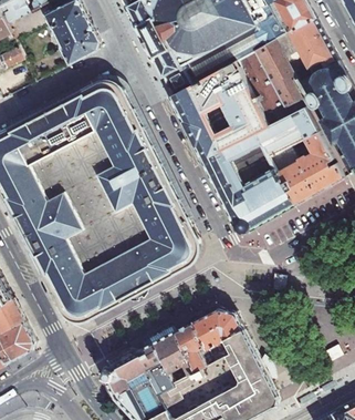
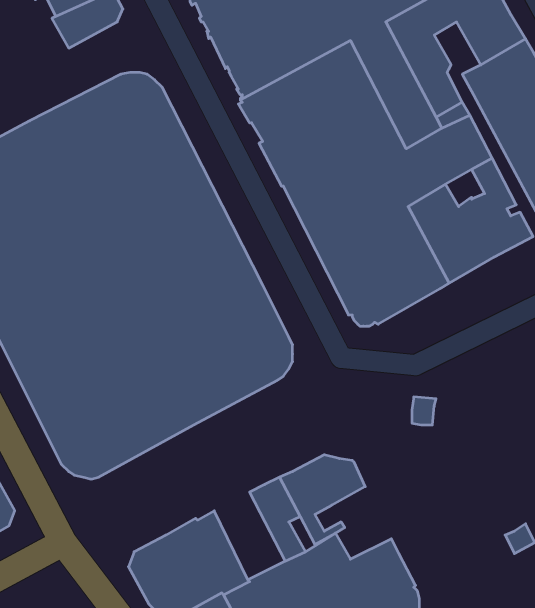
building: [225,325,260,368] -> none
building: [155,328,197,380] -> none

